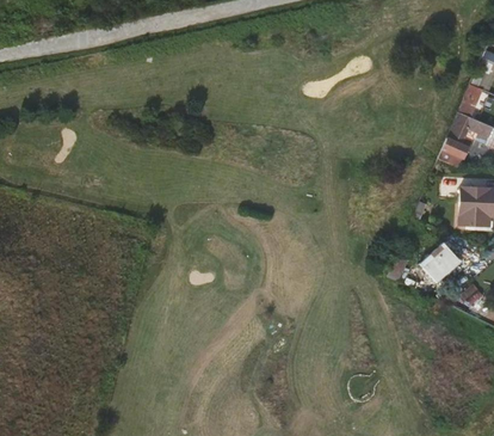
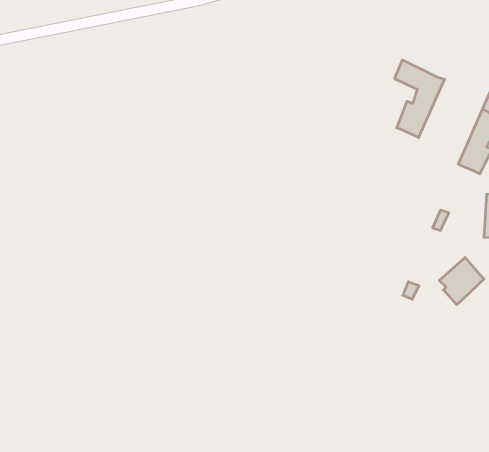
building: none -> [395,60,444,138]

